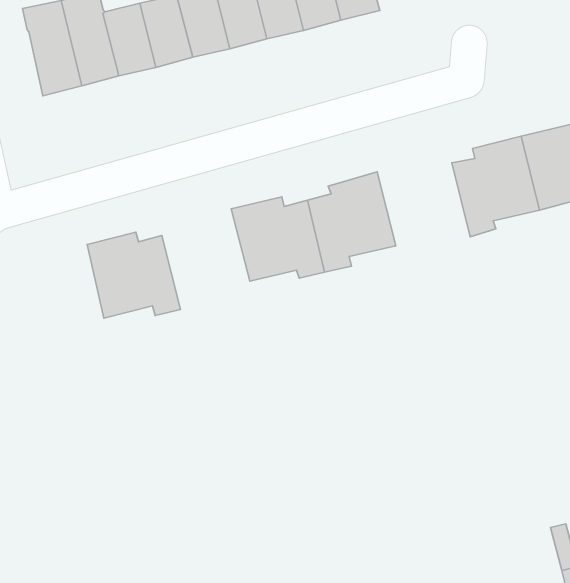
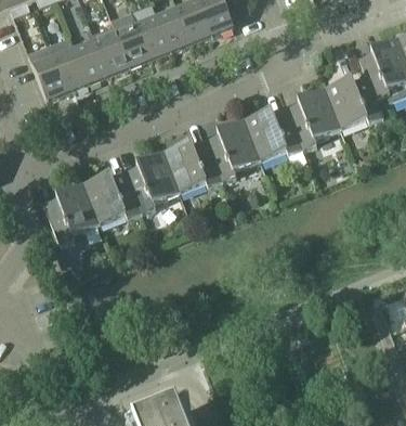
building: none -> [245,107,303,159]
building: none -> [126,151,180,212]
building: none -> [44,182,102,244]

